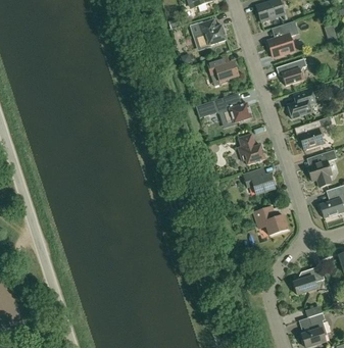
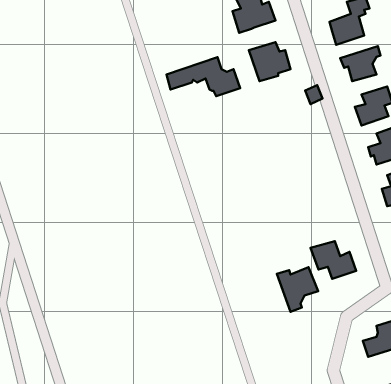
building: [196,93,252,122] -> [166,57,240,96]
building: [238,133,265,164] -> none
building: [243,167,275,194] -> none
building: none -> [277,267,318,312]

